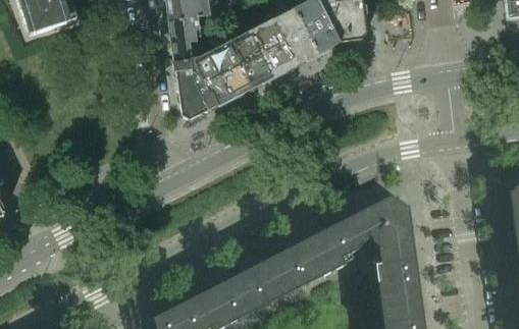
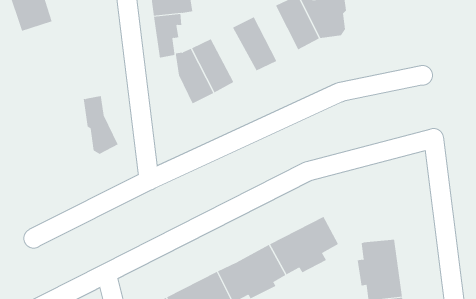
building: [270,6,315,63] -> none
building: [226,29,272,85] -> none
building: [170,57,207,117] -> [83,96,119,155]
building: [342,197,414,250] -> none

